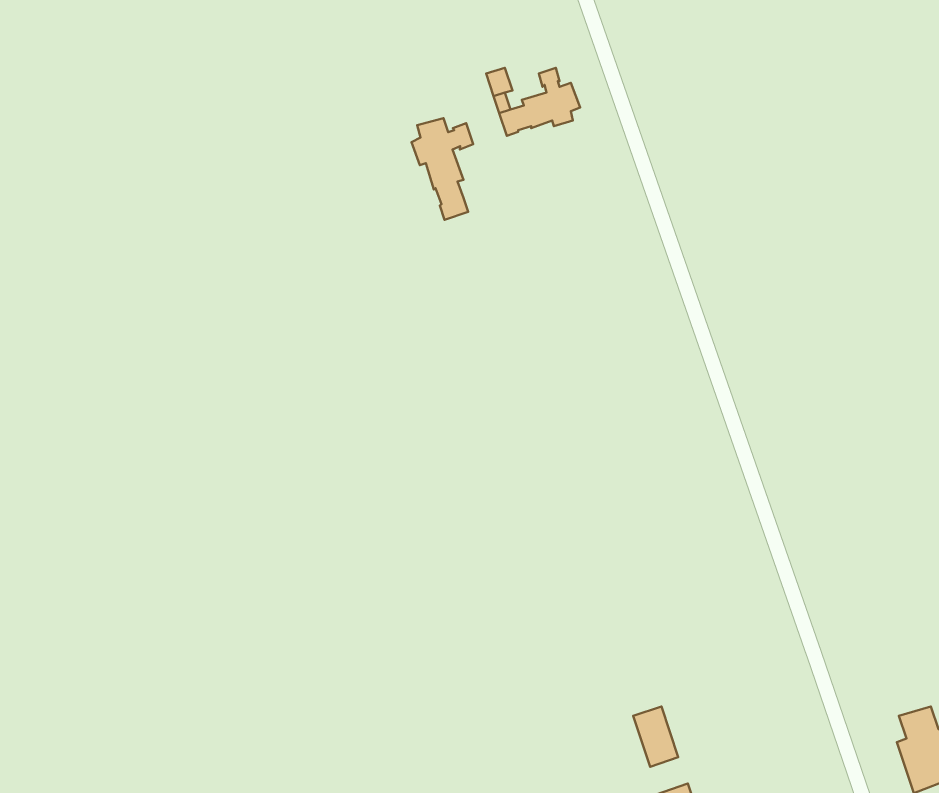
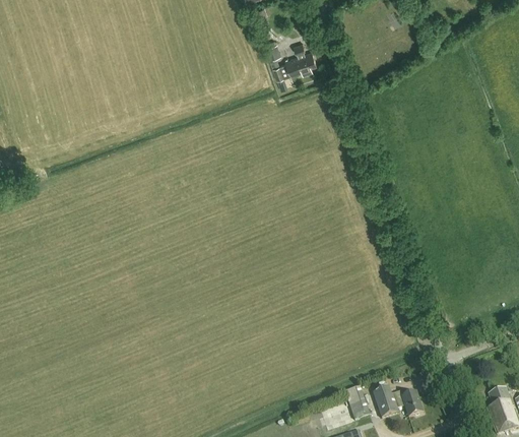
building: [411,118,473,220] -> none
building: none -> [373,386,423,417]

